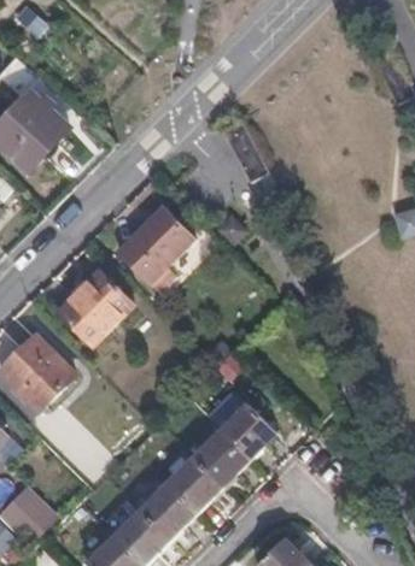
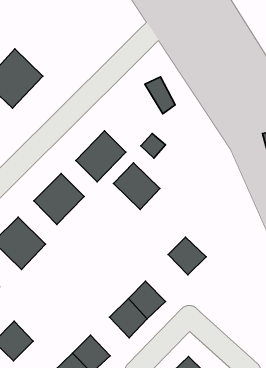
building: none -> [114,163,160,209]
building: [222,402,277,458] -> [168,237,206,275]
building: [141,480,198,537] -> none

